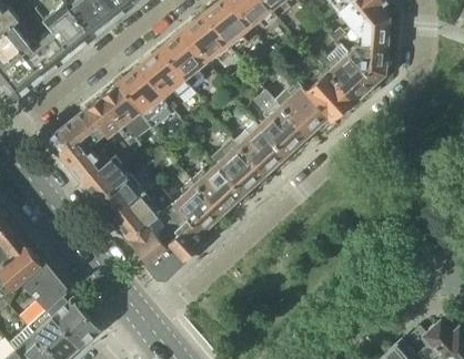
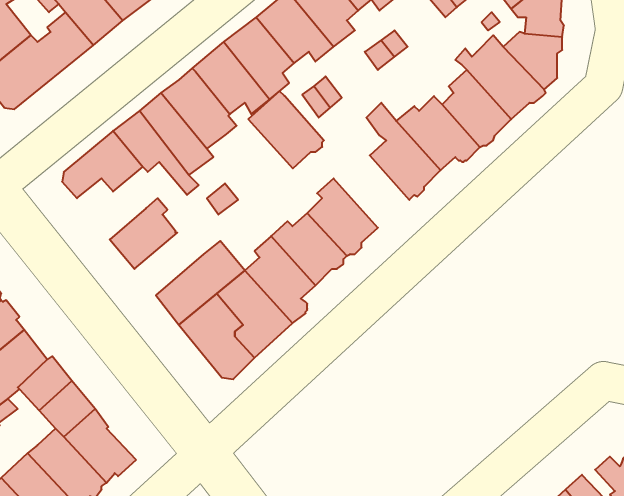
building: [233,122,284,174] -> [248,91,324,168]
building: [60,141,107,182] -> none
building: [99,177,145,219] -> none

